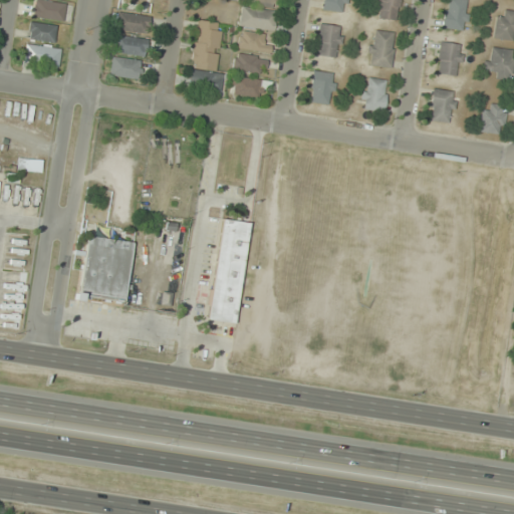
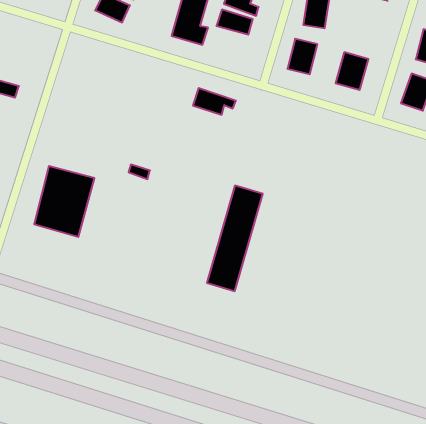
building: [367,29,397,67] -> none
building: [231,75,273,98] -> [193,88,236,115]
building: [209,219,251,324] -> [207,186,263,291]

